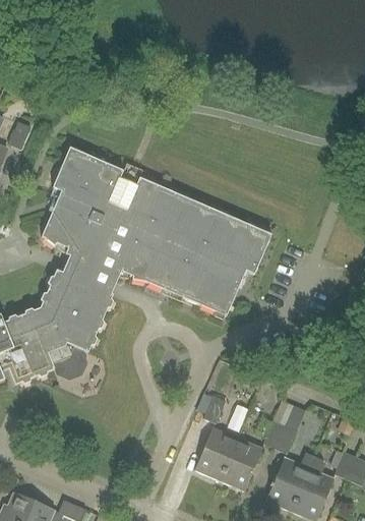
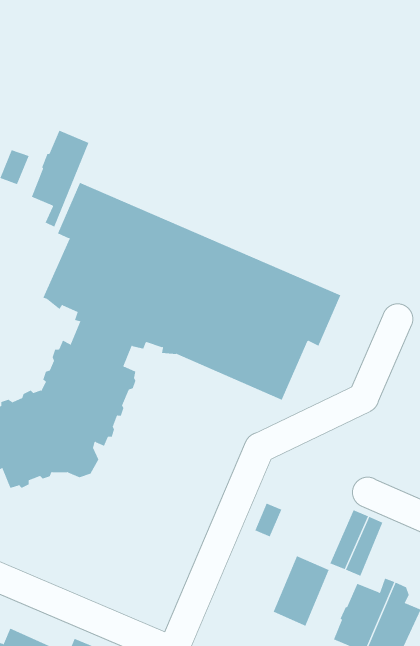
building: none -> [31,130,89,228]
building: [194,425,237,479] -> none

